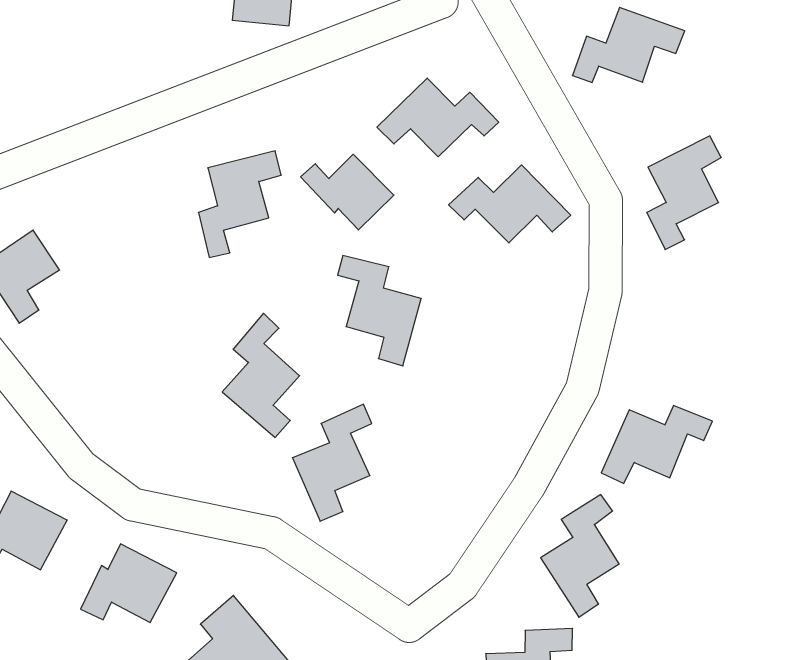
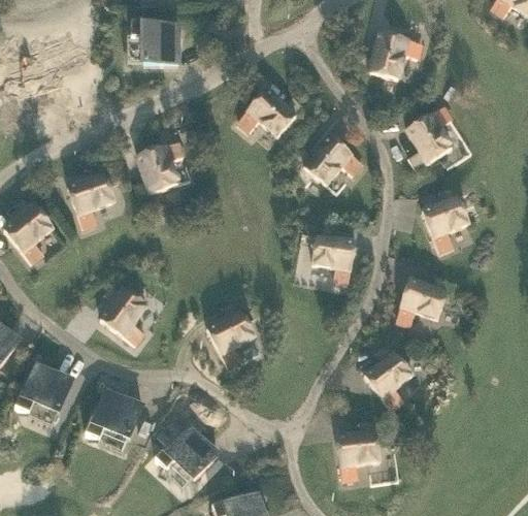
building: [301,154,394,230] -> none
building: none -> [67,173,113,227]
building: [338,256,421,366] -> [303,220,356,284]
building: none -> [422,179,468,250]
building: [222,313,300,437] -> [100,268,146,344]

